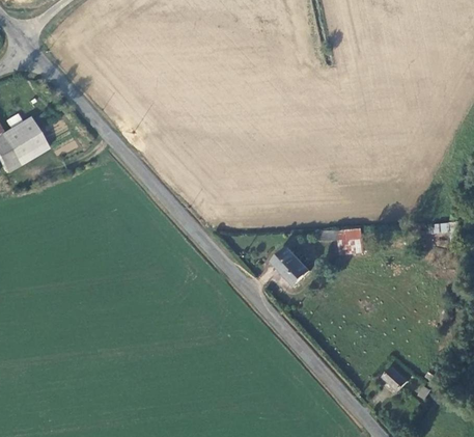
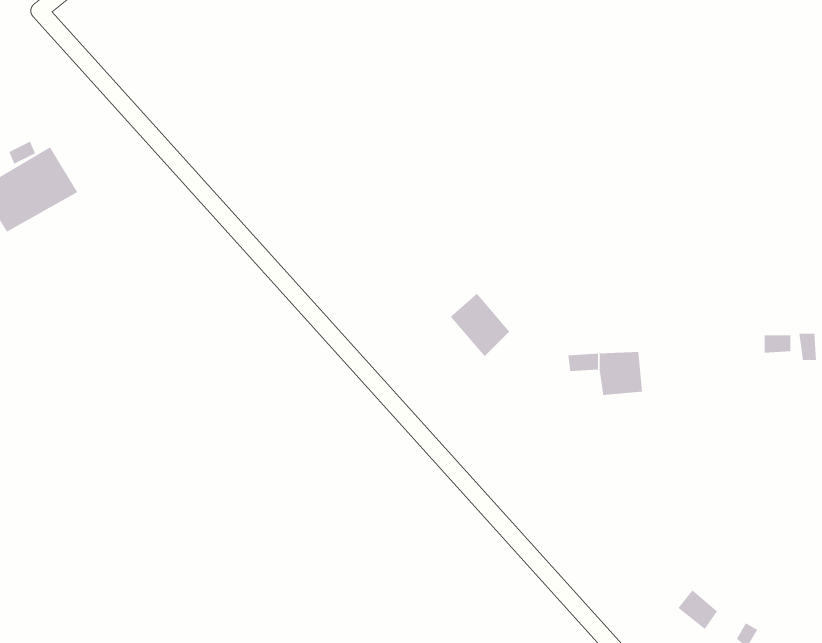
building: [275,249,309,285] -> [450,293,510,357]

